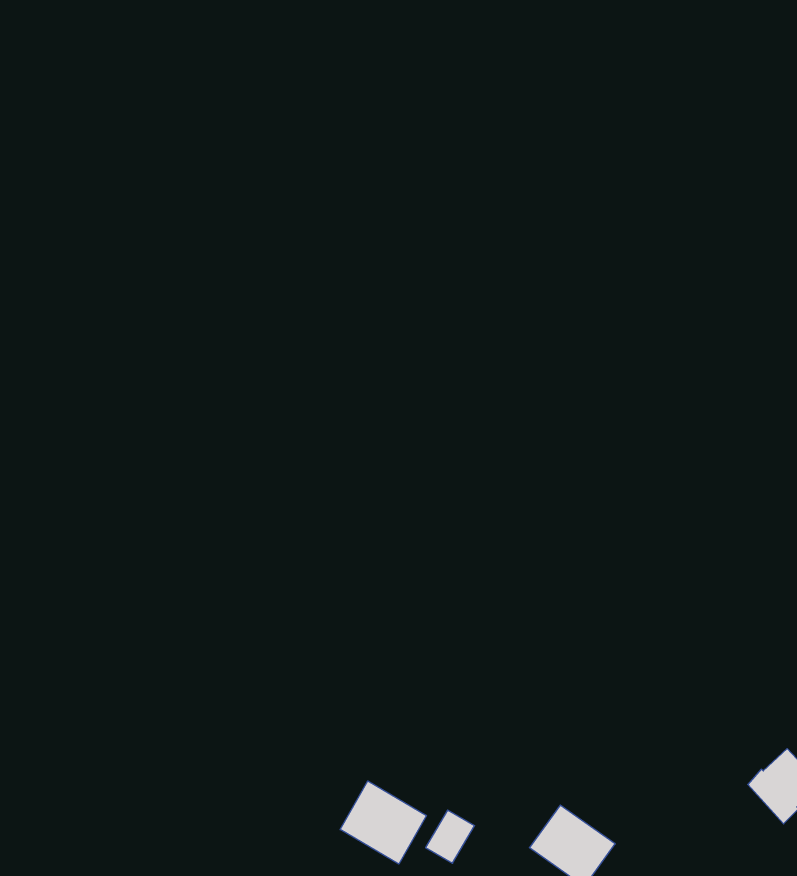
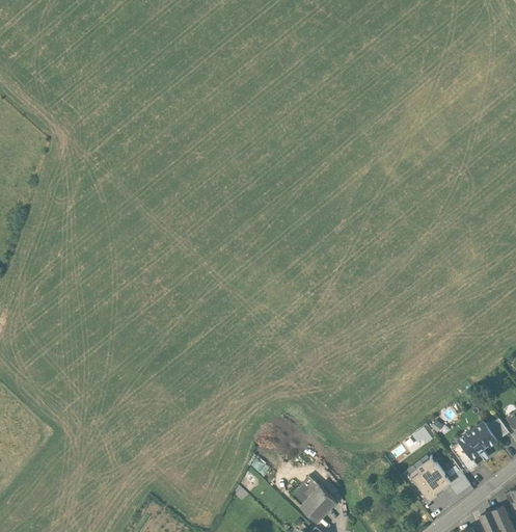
building: [340,781,426,864] -> none

